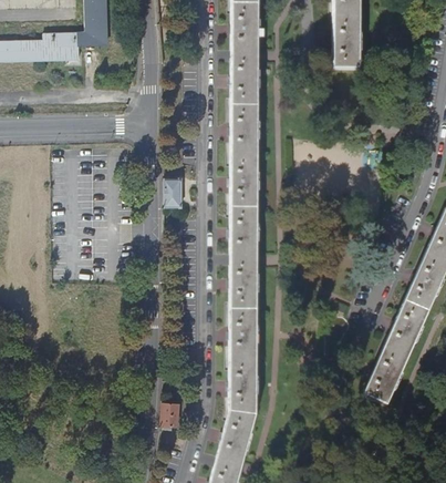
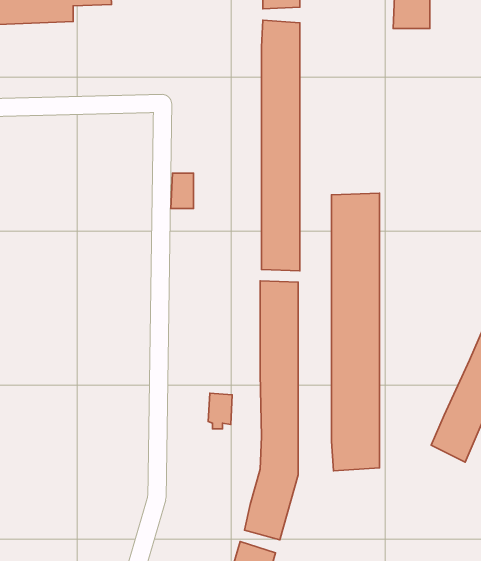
building: none -> [332,193,380,471]
building: [160,402,179,430] -> [208,393,232,429]

